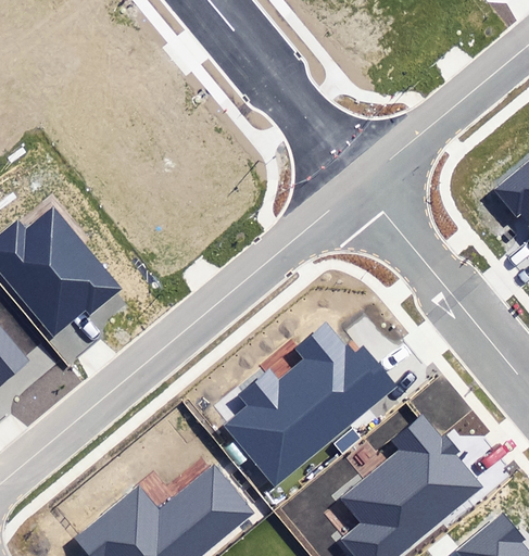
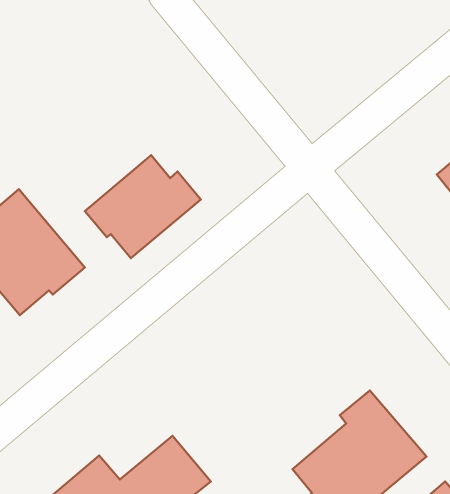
building: none -> [85,155,201,258]
building: [218,327,396,490] -> none

